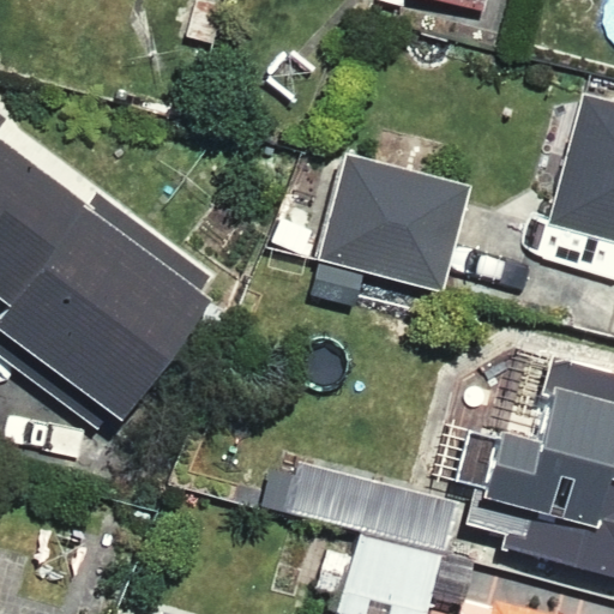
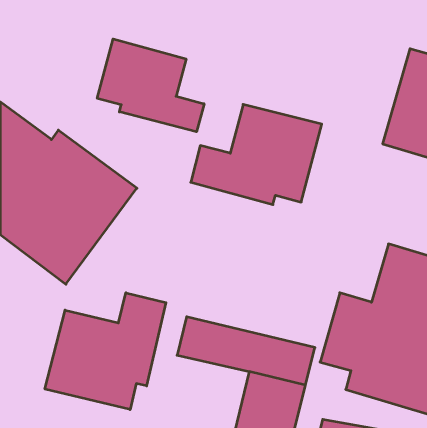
building: none -> [97,39,204,132]
building: none -> [45,293,166,410]

